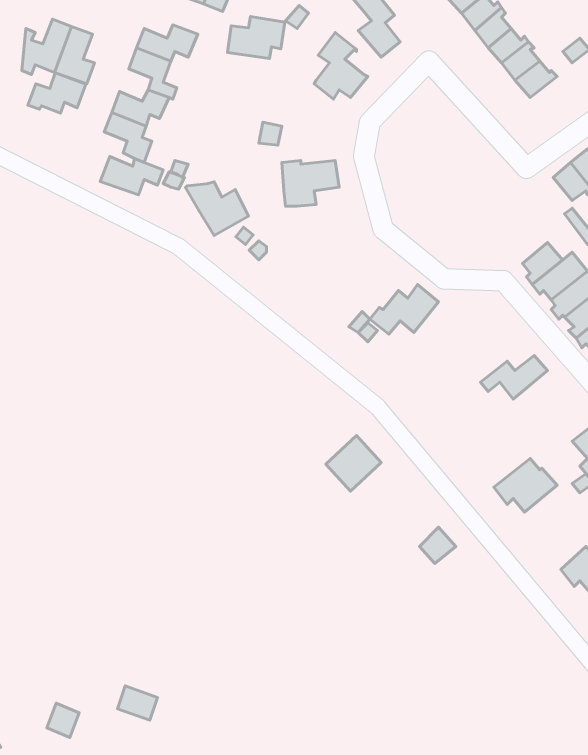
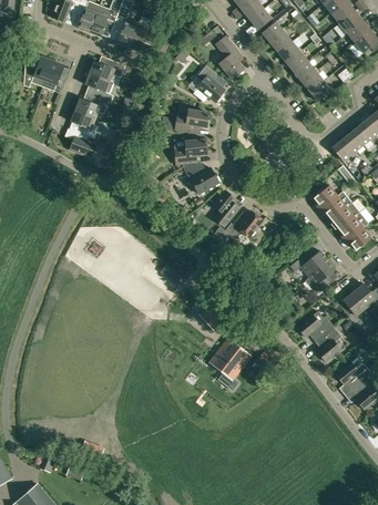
building: [227,16,285,58] -> [175,109,208,133]
building: [28,73,86,113] -> none
building: [185,182,248,235] -> [182,162,218,193]
building: none -> [212,188,239,225]
building: none -> [307,259,336,293]
building: none -> [315,326,341,361]
building: none -> [211,339,249,378]

